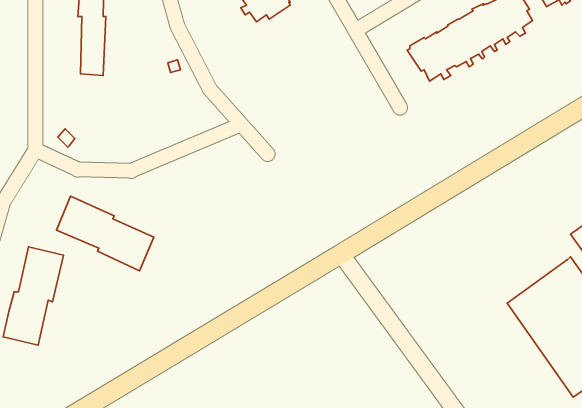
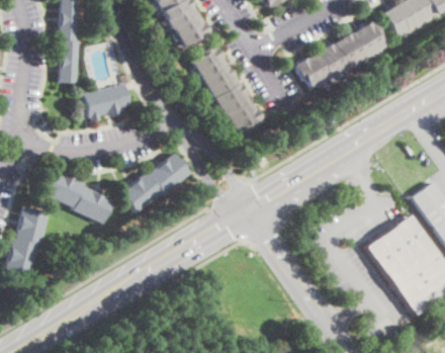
building: none -> [194,45,264,133]
building: none -> [85,84,132,122]
building: none -> [120,154,191,213]

